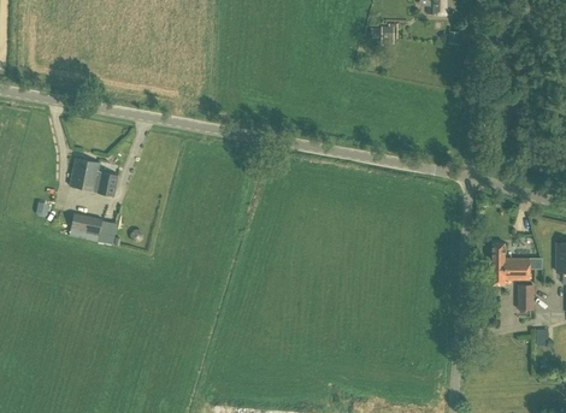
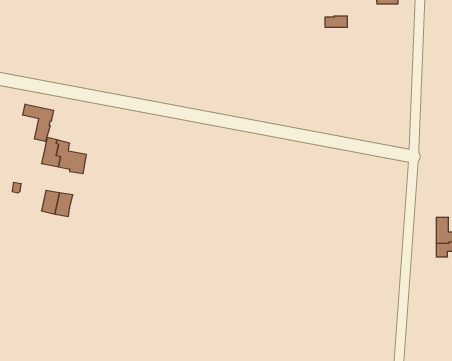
building: none -> [23,104,54,142]

